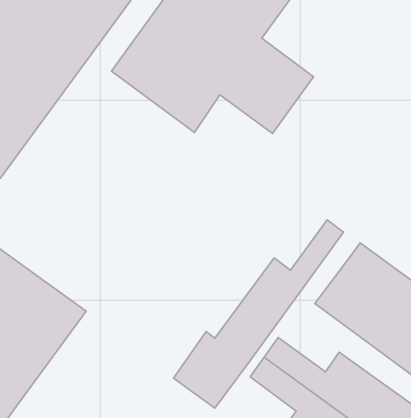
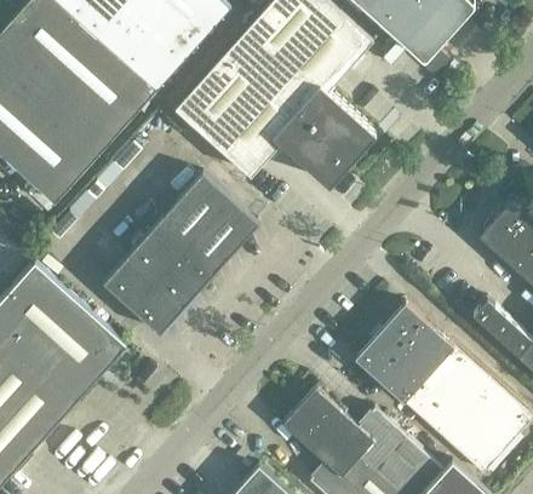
building: none -> [102,173,257,334]
building: [174,220,344,408] -> none

